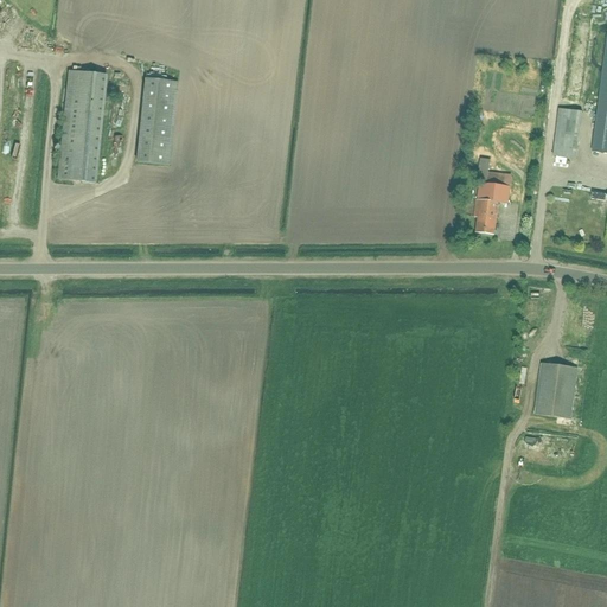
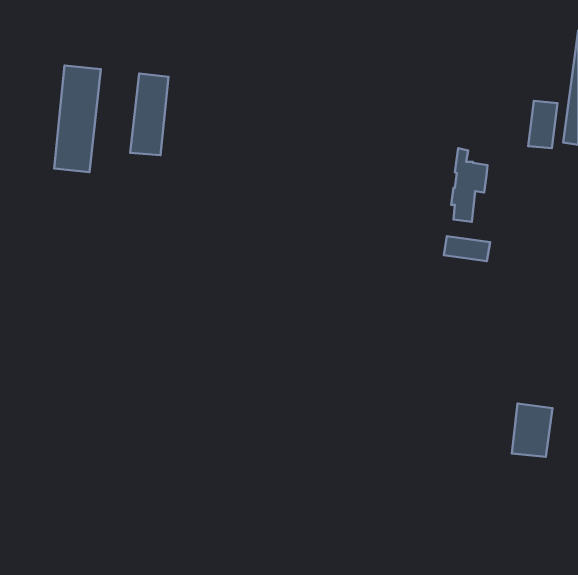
building: none -> [444,236,490,261]
building: [535,360,577,416] -> [512,404,553,457]

